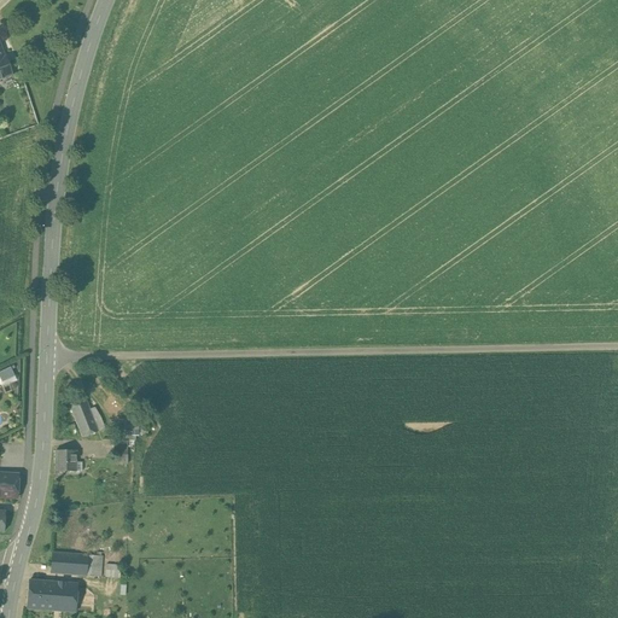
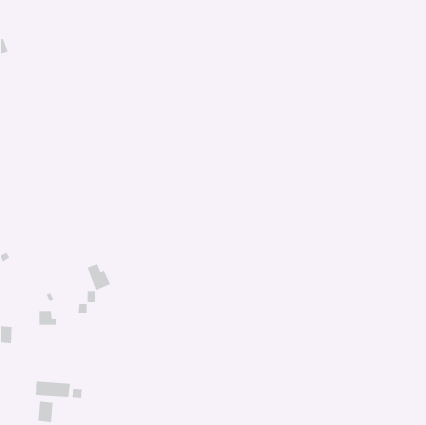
building: [69,397,104,437] -> [87,263,111,291]
building: [27,579,57,610] -> none

